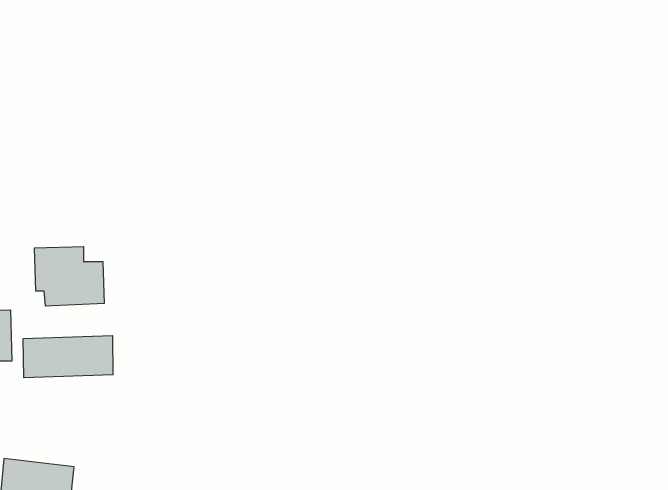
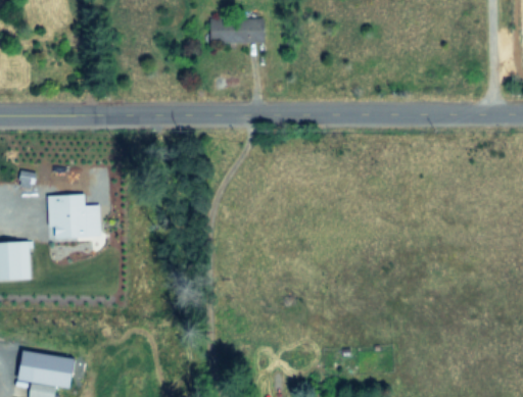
building: none -> [210,18,264,44]
building: [23,336,113,378] -> none

